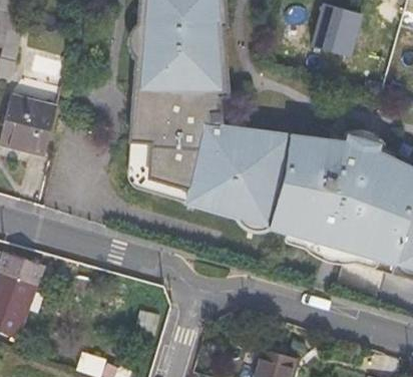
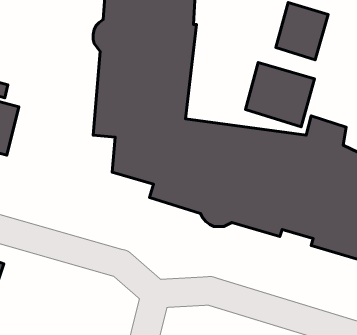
building: none -> [245,62,315,127]

